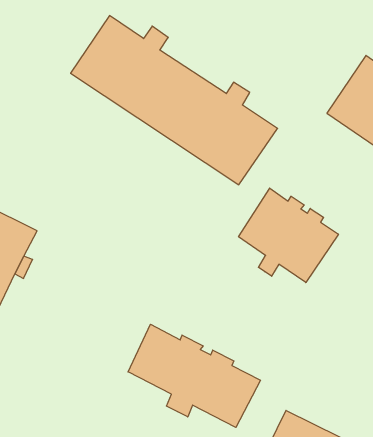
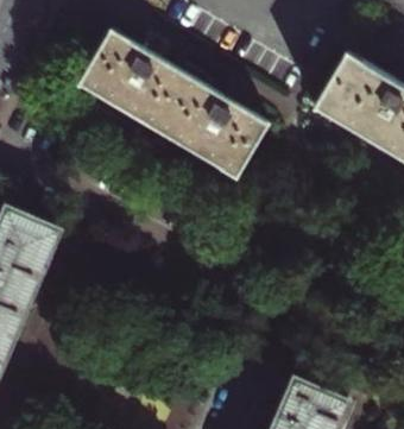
building: [239,188,338,283] -> none
building: [128,324,260,427] -> none

